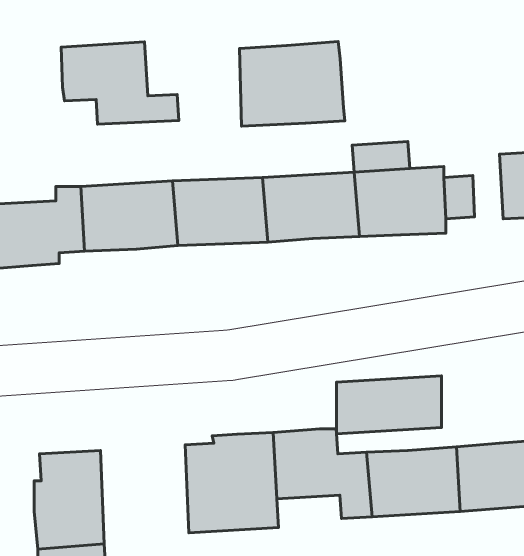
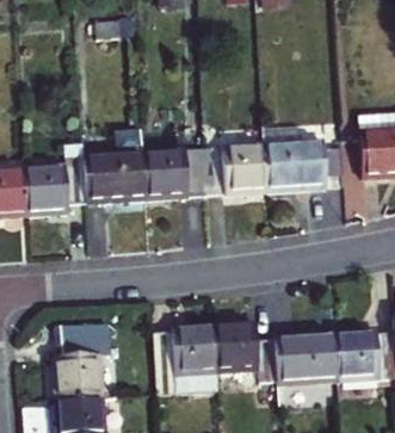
building: [239,42,345,126] -> none
building: [61,42,179,124] -> none
building: [336,376,442,434] -> none

